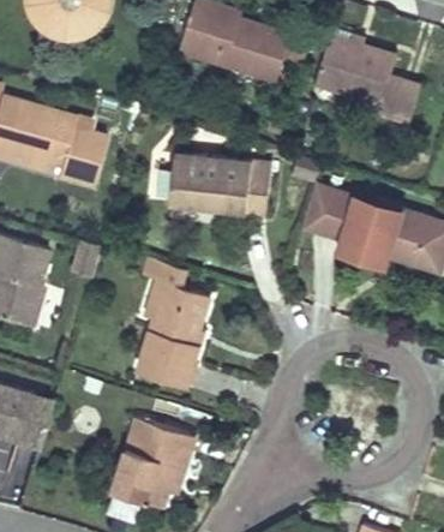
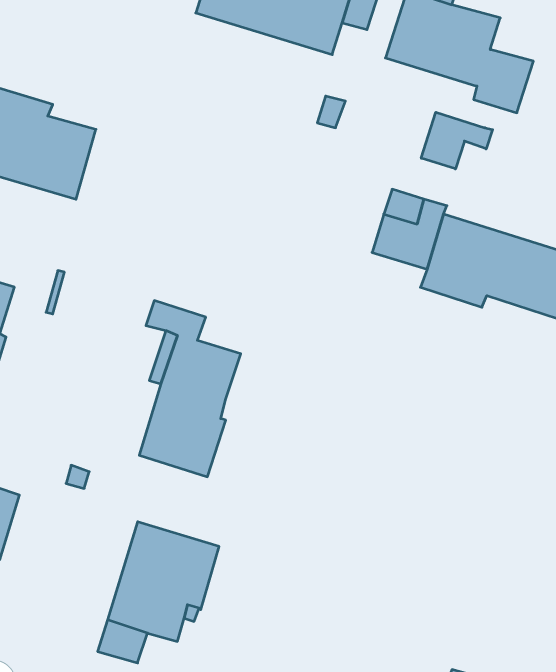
building: none -> [421,112,493,169]
building: [170,153,272,215] -> none

